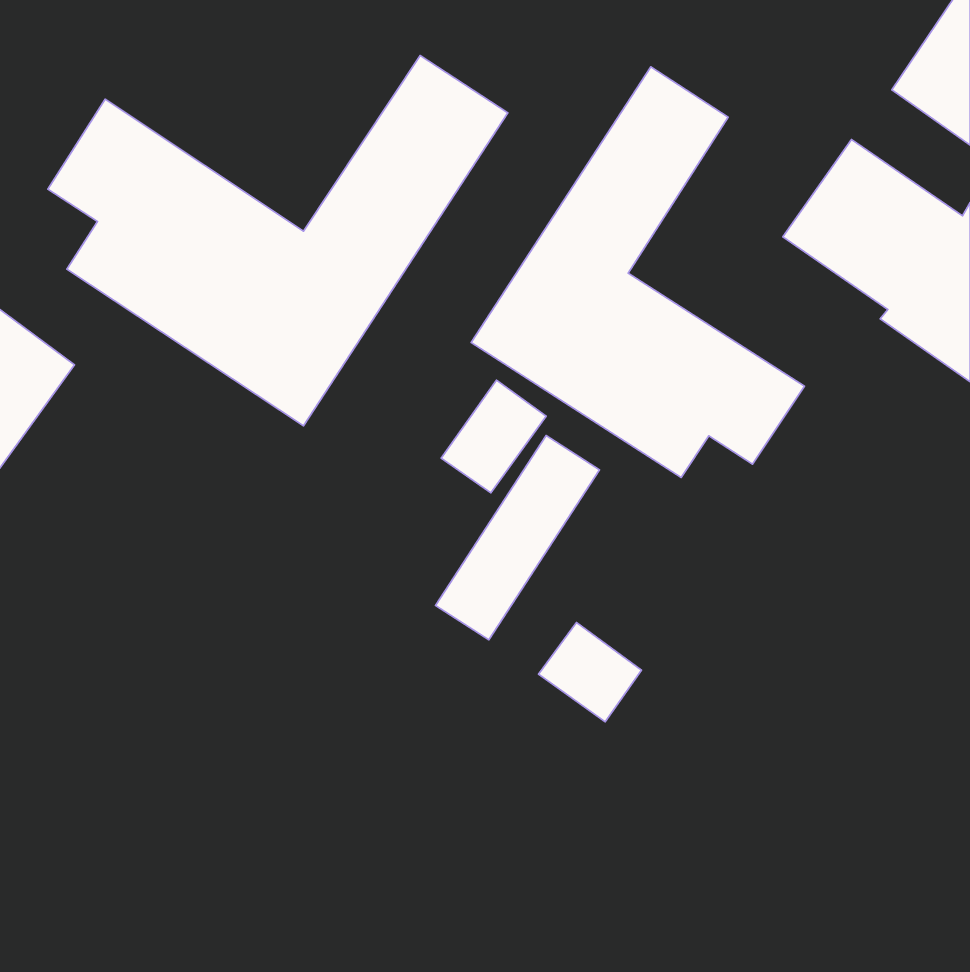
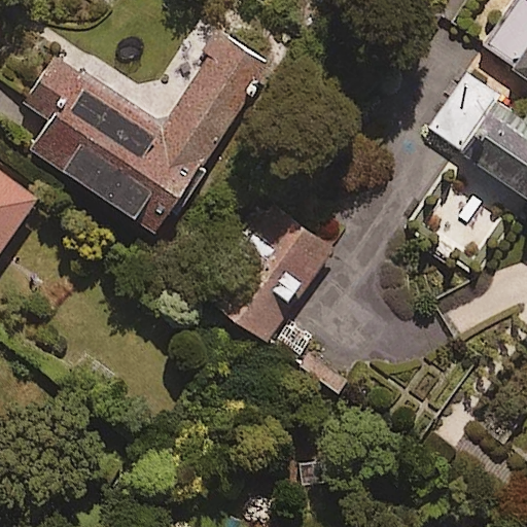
building: [471,67,804,477] -> none

